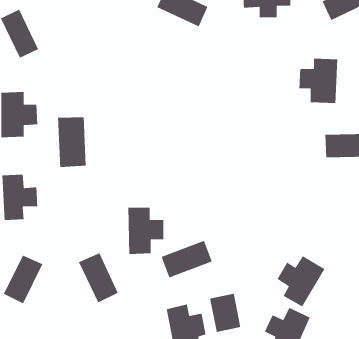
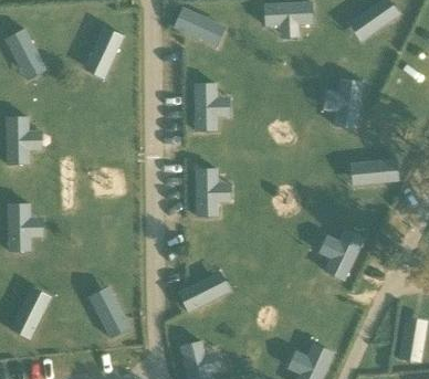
building: none -> [83,27,121,81]
building: none -> [191,81,228,130]
building: [57,117,87,168] -> none
building: [127,207,164,255] -> [193,167,232,218]
building: [276,255,326,308] -> [315,225,367,281]
building: [209,293,241,333] -> none

